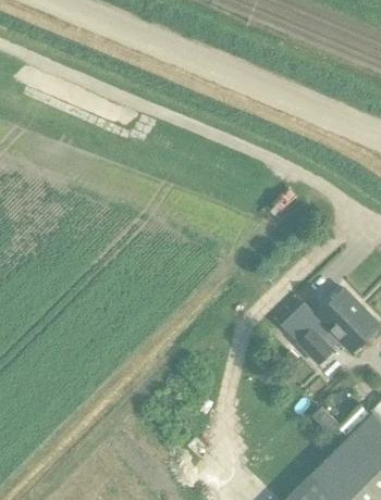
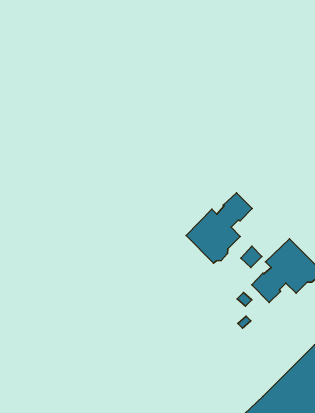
building: none -> [186,193,252,263]

